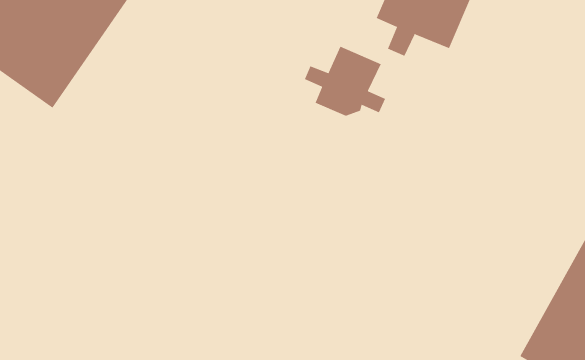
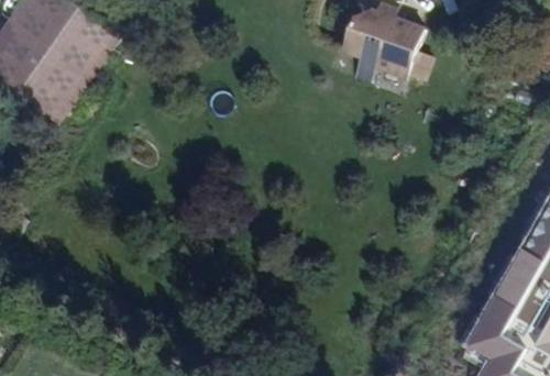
building: [304,46,386,116] -> none

